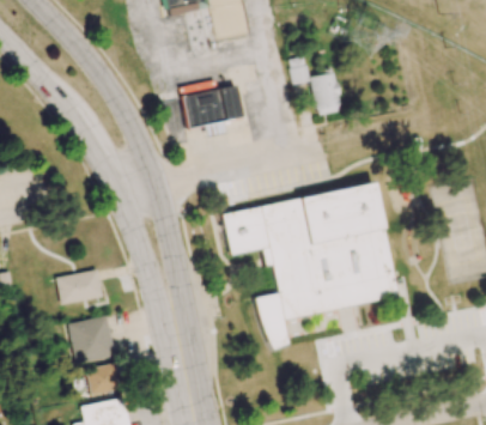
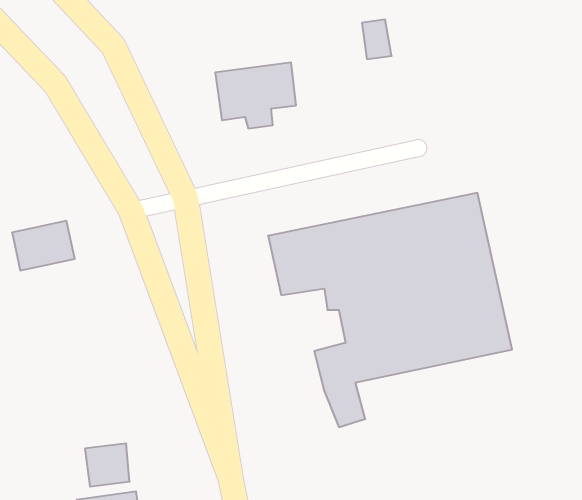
building: [312,73,342,115] -> none
building: [57,269,103,305] -> [12,221,75,270]
building: [69,316,116,364] -> none

